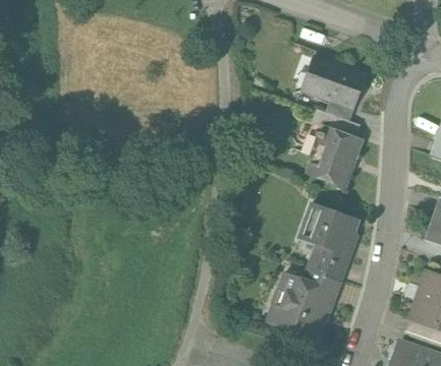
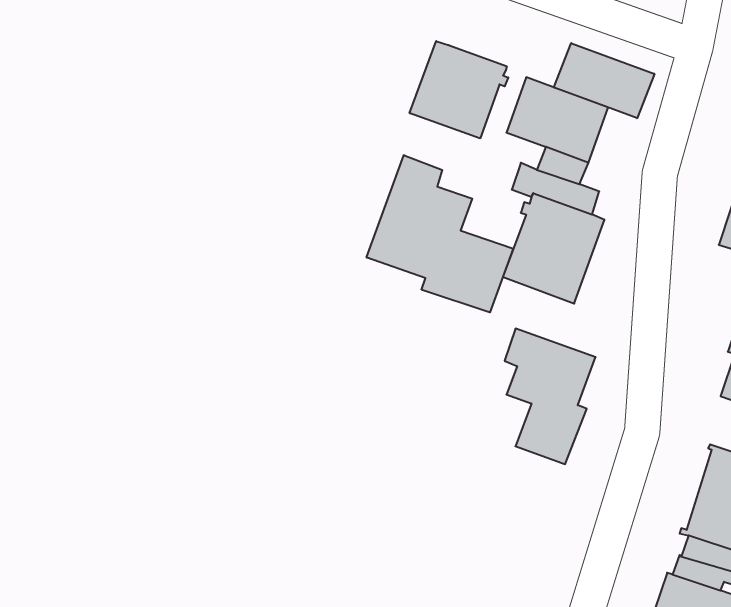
building: none -> [410,41,508,138]
building: none -> [554,43,654,118]
building: none -> [367,155,513,312]
building: [274,269,340,338] -> none

